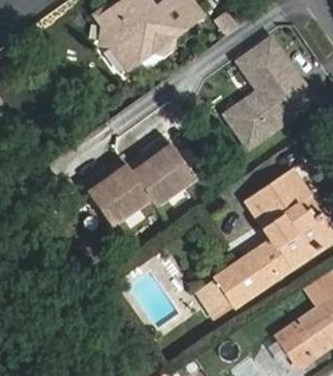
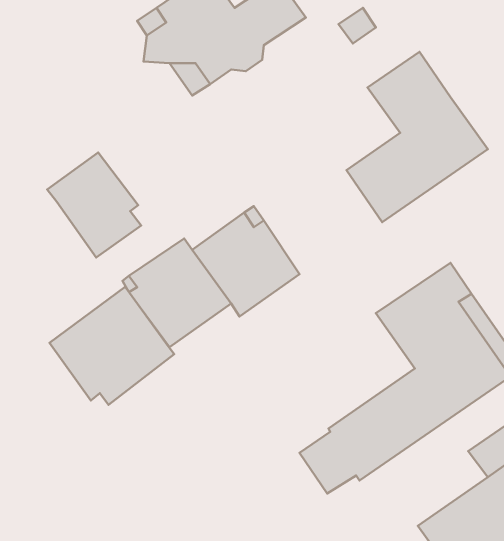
building: none -> [47,152,141,258]
building: none -> [50,287,174,405]

